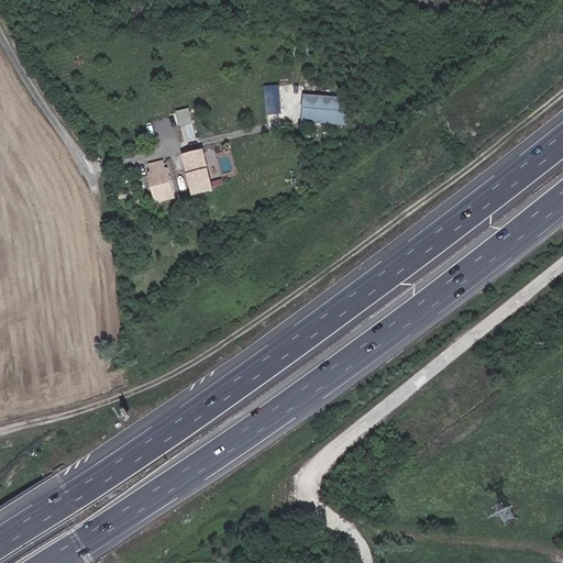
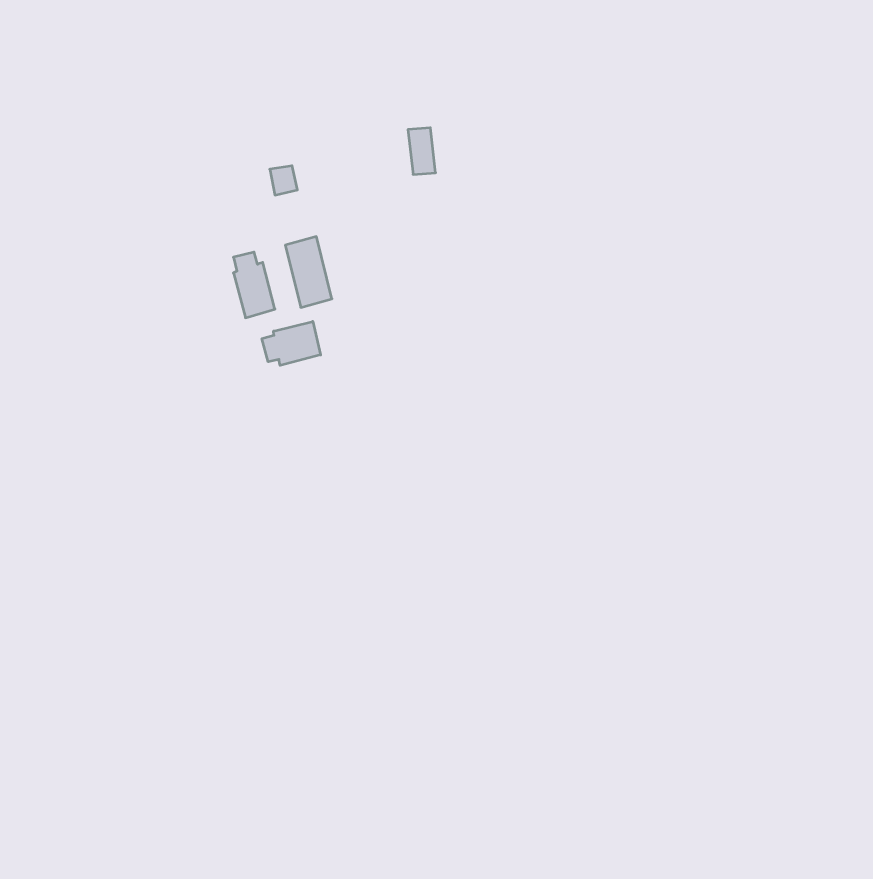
building: [298,91,347,122] -> none
building: none -> [262,321,321,365]

